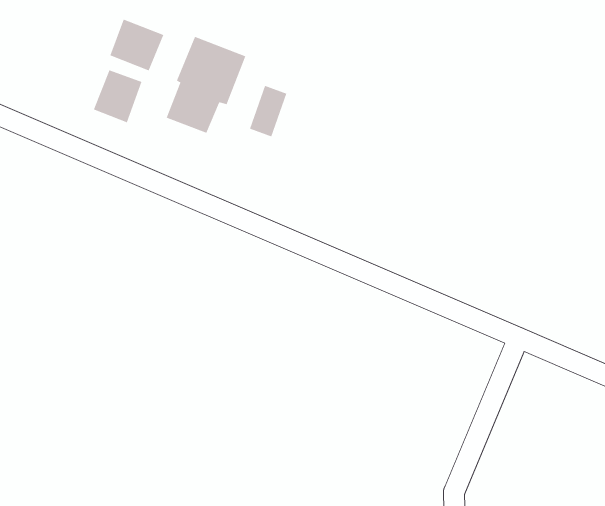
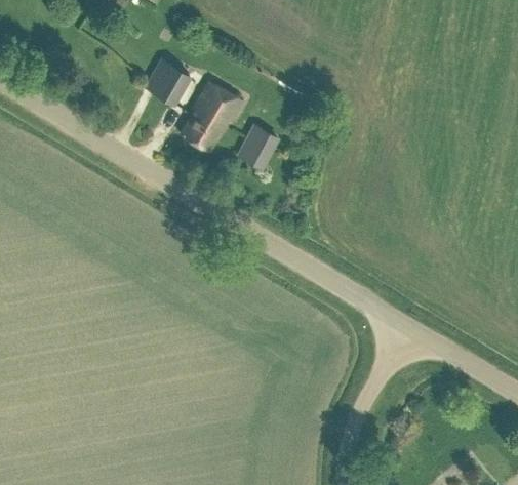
building: [93,70,142,123] -> none

